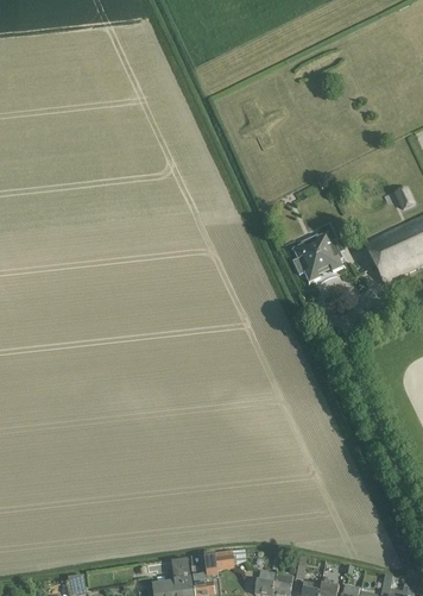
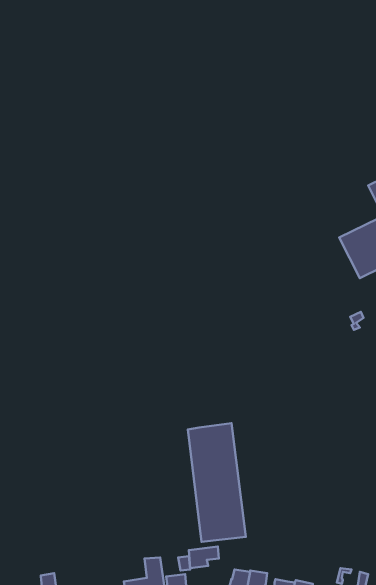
building: [290,228,347,286] -> none
building: none -> [188,423,246,542]

